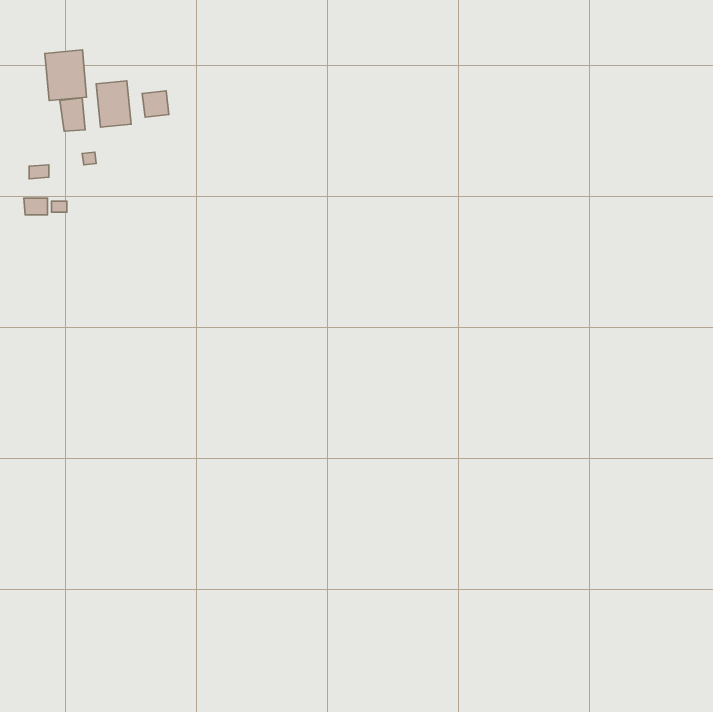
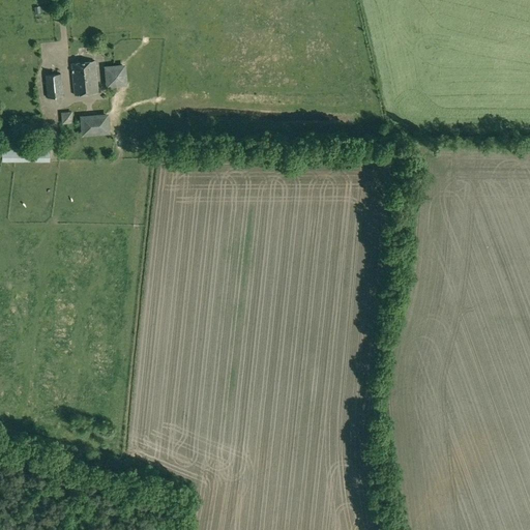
building: [45,50,87,101] -> none
building: none -> [82,116,108,136]

